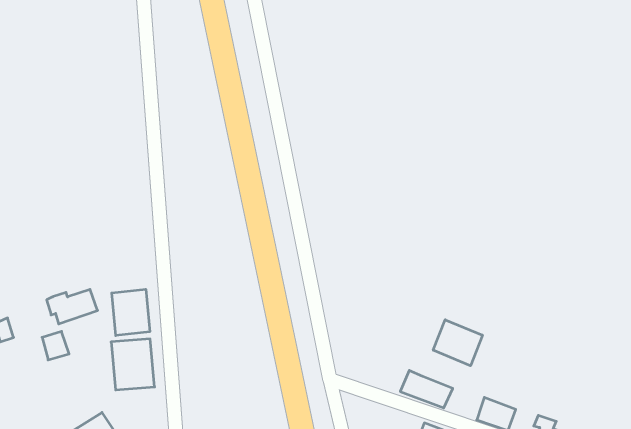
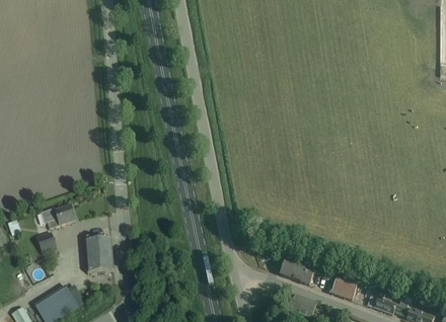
building: [112,289,150,336] -> none
building: [433,320,482,366] -> none

